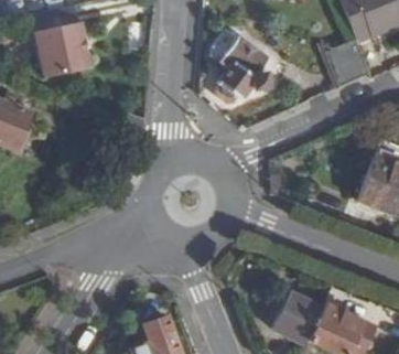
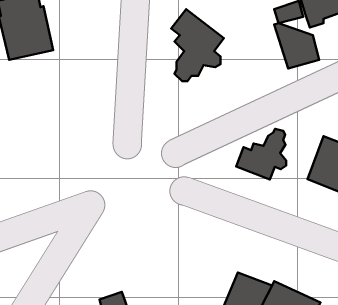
building: none -> [236,129,286,180]

